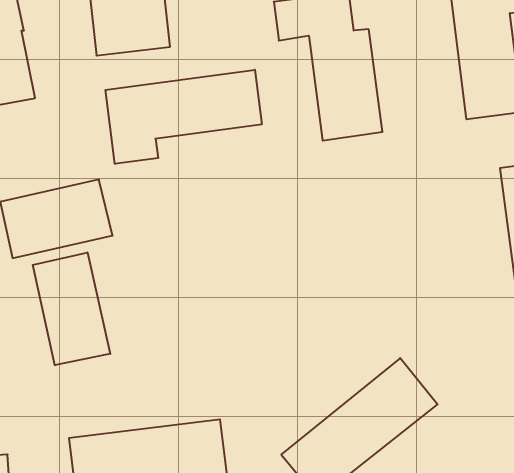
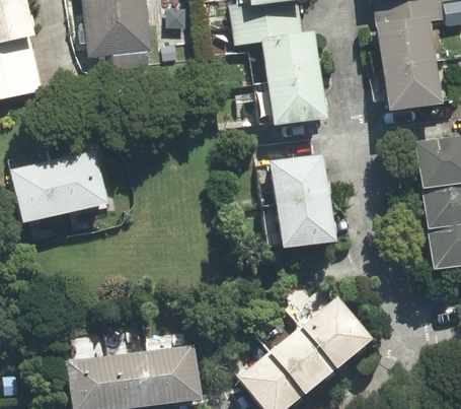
building: [105,70,262,164] -> none
building: none -> [271,157,329,247]
building: [33,252,110,365] -> none

